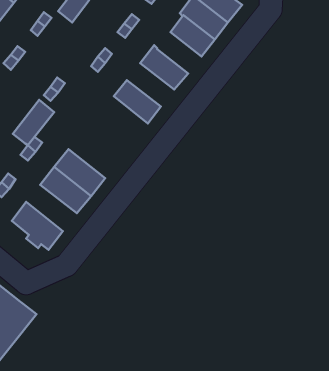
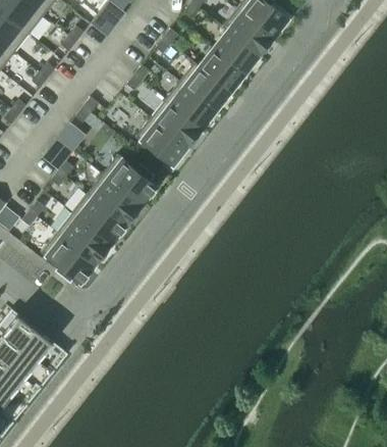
building: none -> [198,48,245,93]
building: none -> [165,82,216,129]
building: none -> [135,117,187,166]
building: none -> [102,154,157,206]
building: none -> [56,213,111,263]

